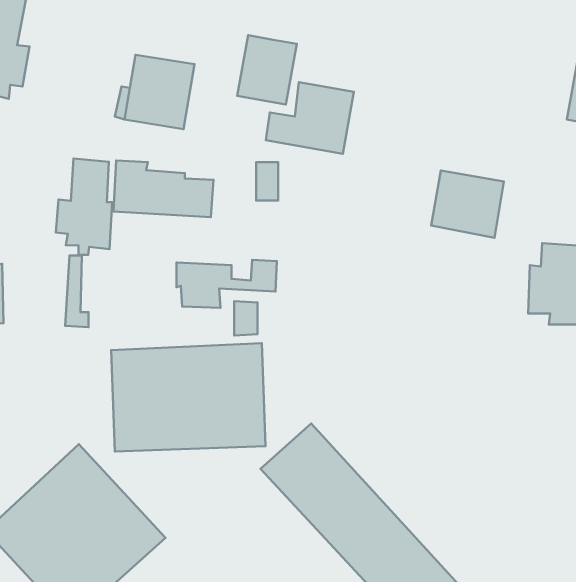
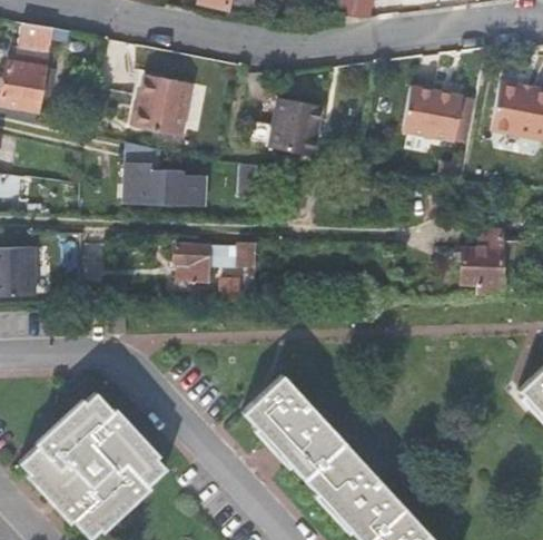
building: [237,35,297,104] -> none
building: [56,159,112,255] -> none
building: [431,170,504,238] -> [402,86,461,140]
building: [111,343,266,452] -> none

